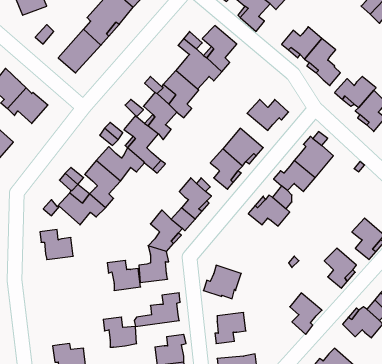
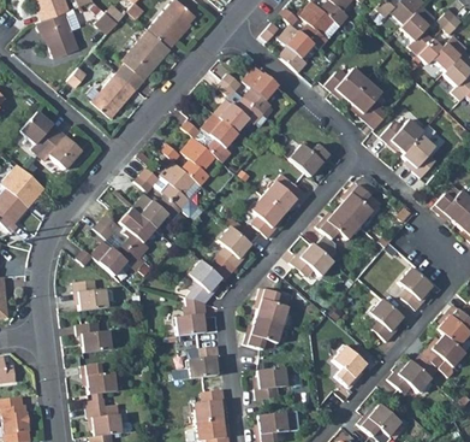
building: none -> [256,287,288,325]
building: [107,260,141,290] -> [76,322,111,353]
building: [103,317,137,347] -> [81,363,115,394]

